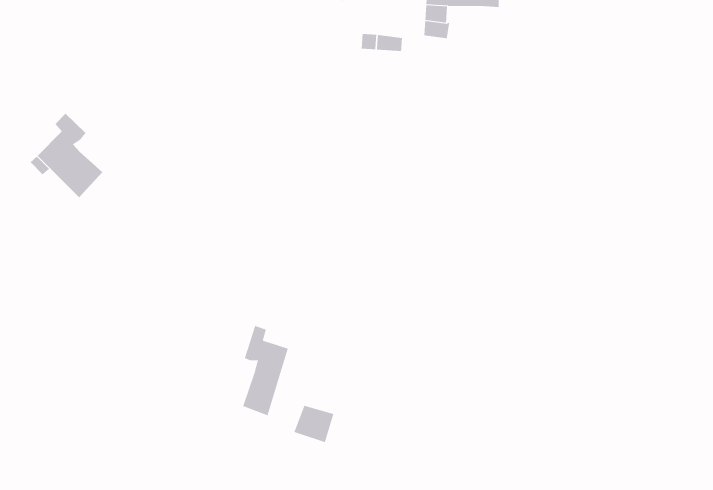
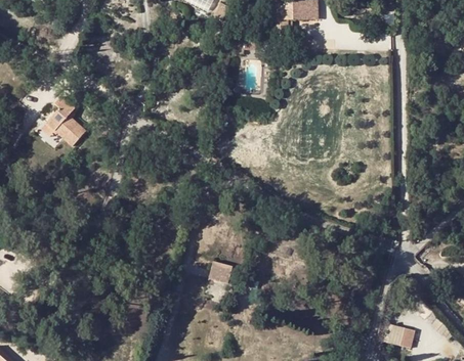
building: [242,325,289,416] -> none

